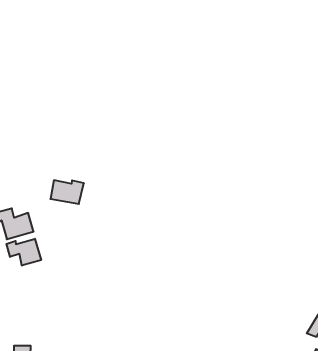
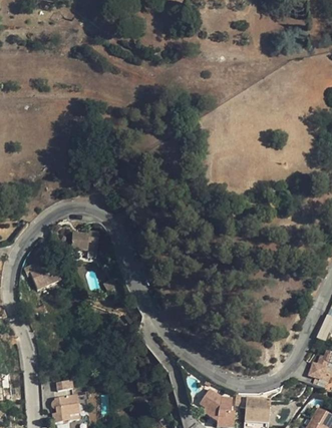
building: [6,239,41,266] -> none

